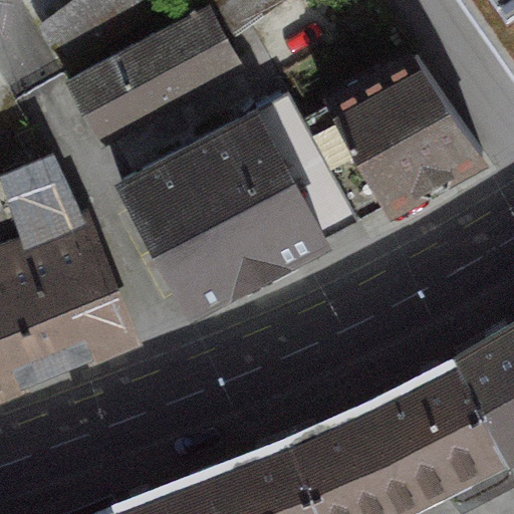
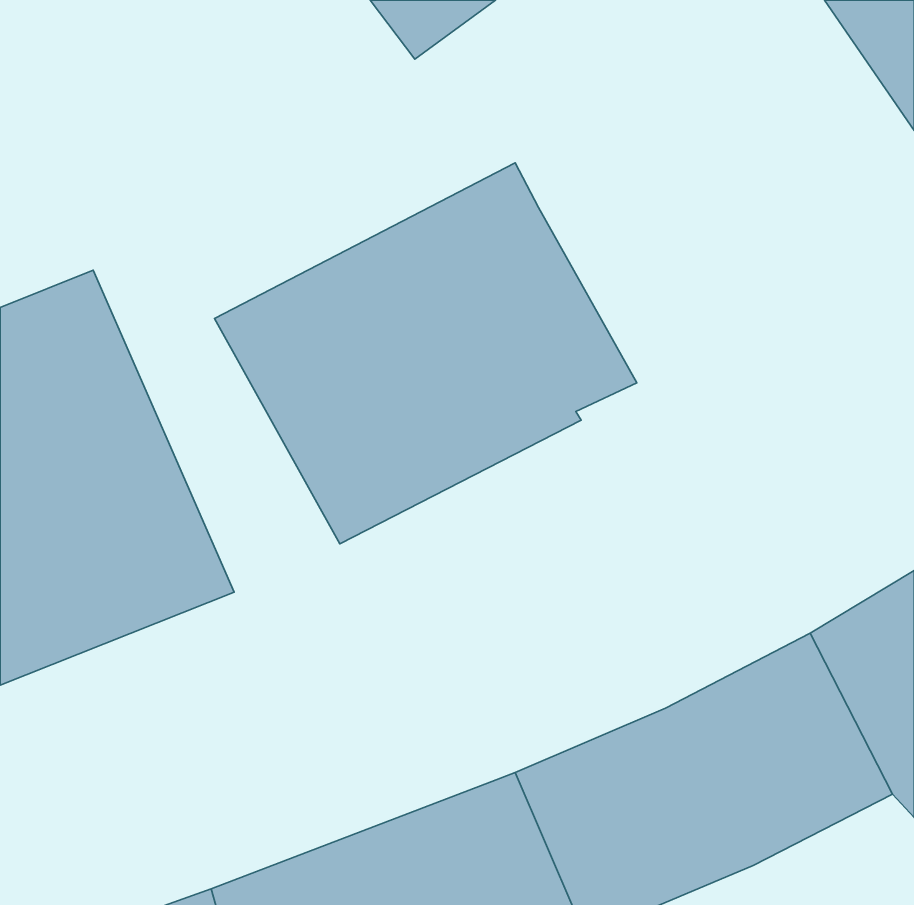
building: [67,9,234,137] -> none
building: [302,57,483,222] -> none

